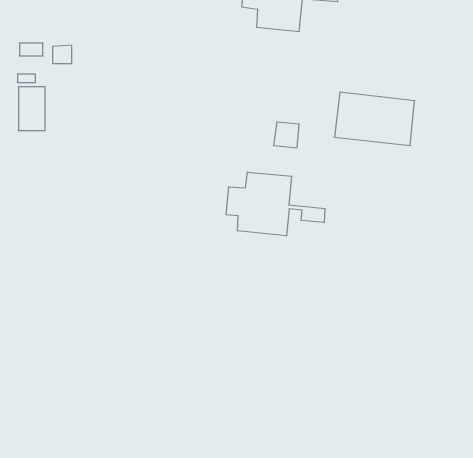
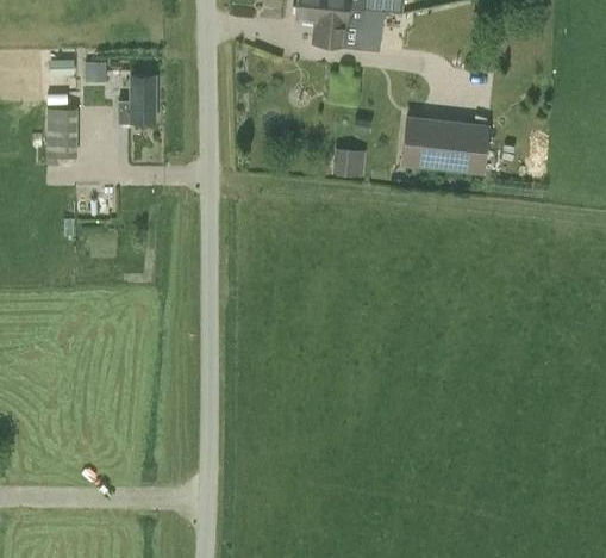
building: none -> [117,76,156,122]
building: [226,172,325,236] -> none

